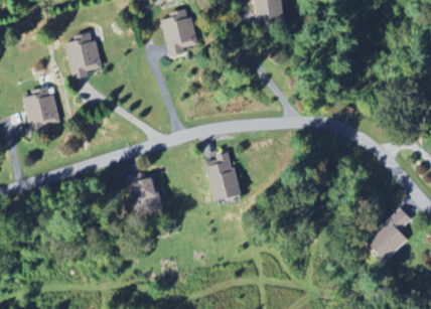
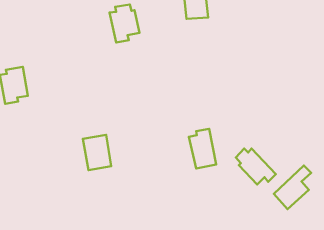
building: [64,36,101,80] -> none
building: [206,152,241,201] -> [189,129,216,168]
building: none -> [236,148,276,184]

